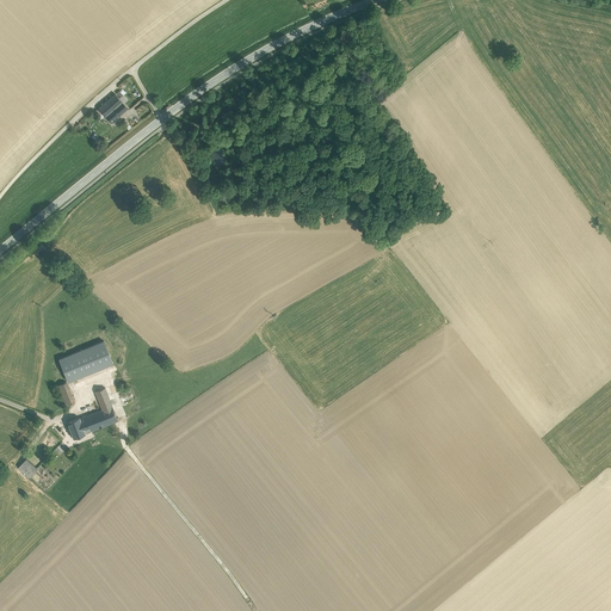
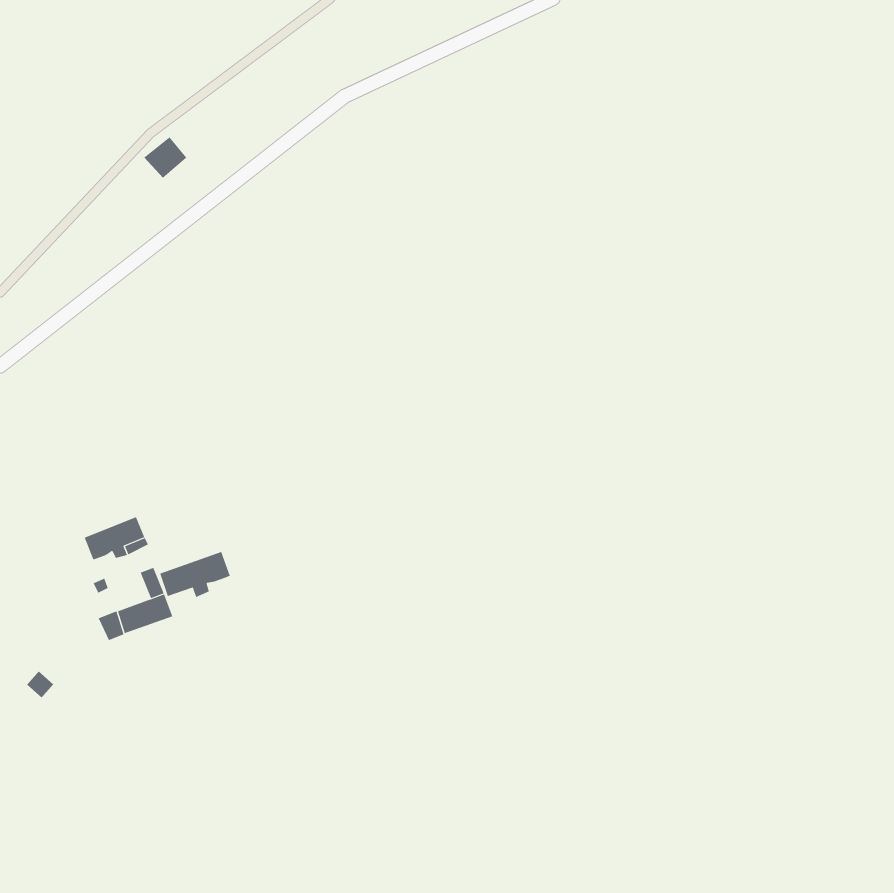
building: none -> [159,551,231,598]

